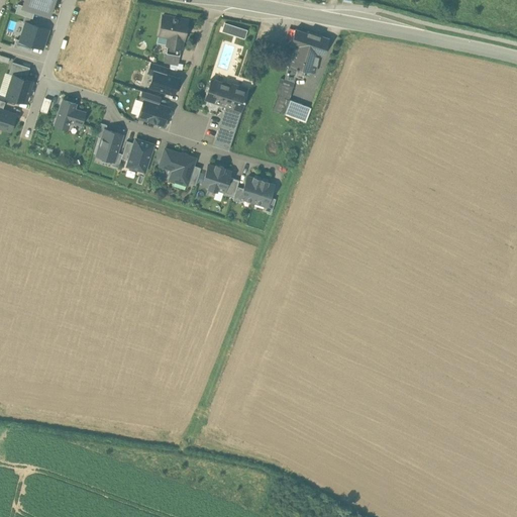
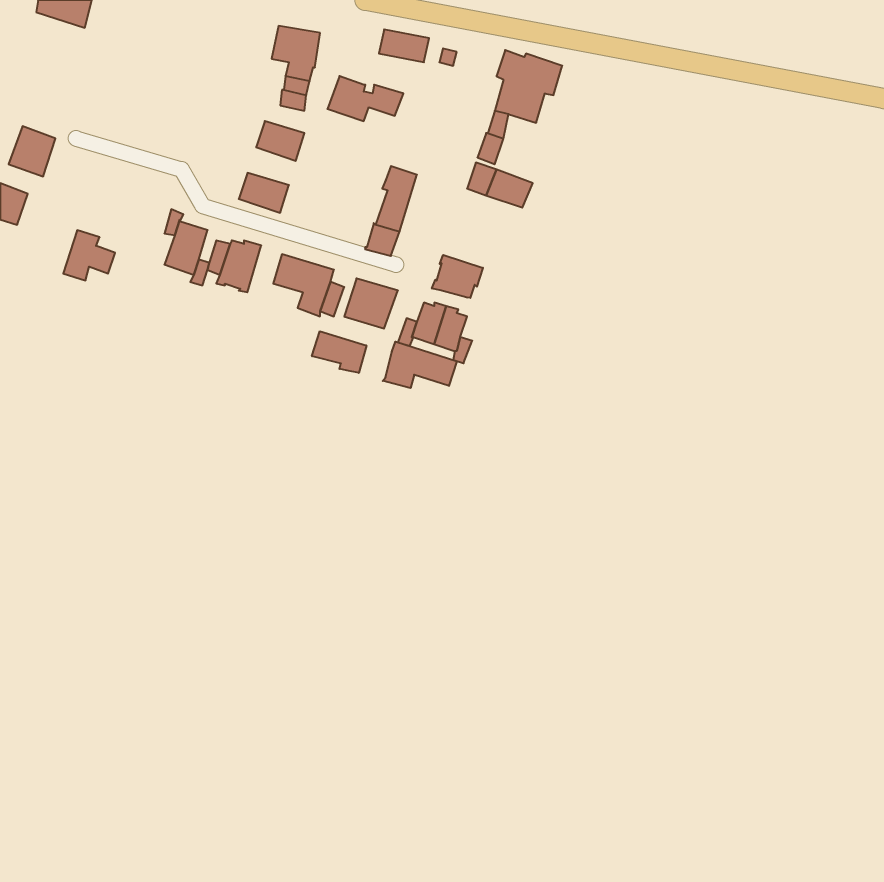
building: [18,22,50,50] -> none
building: [204,80,248,106] -> [327,76,403,121]
building: [55,100,85,129] -> [63,230,115,280]
building: none -> [432,255,483,298]
building: none -> [312,331,366,373]
building: none -> [383,342,457,388]

